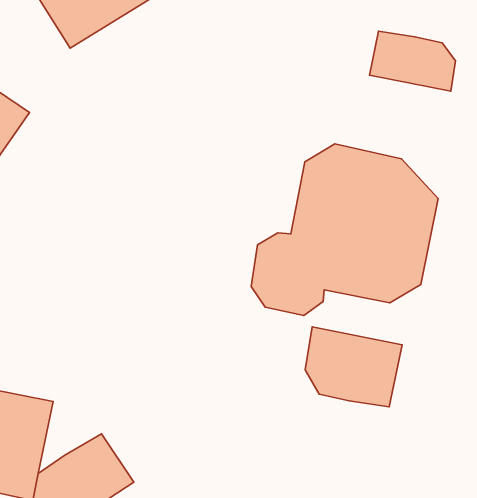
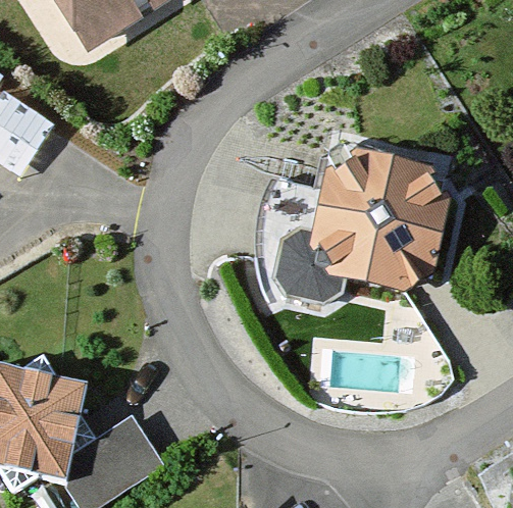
building: [369,31,455,91] -> none
building: [305,327,402,407] -> none

